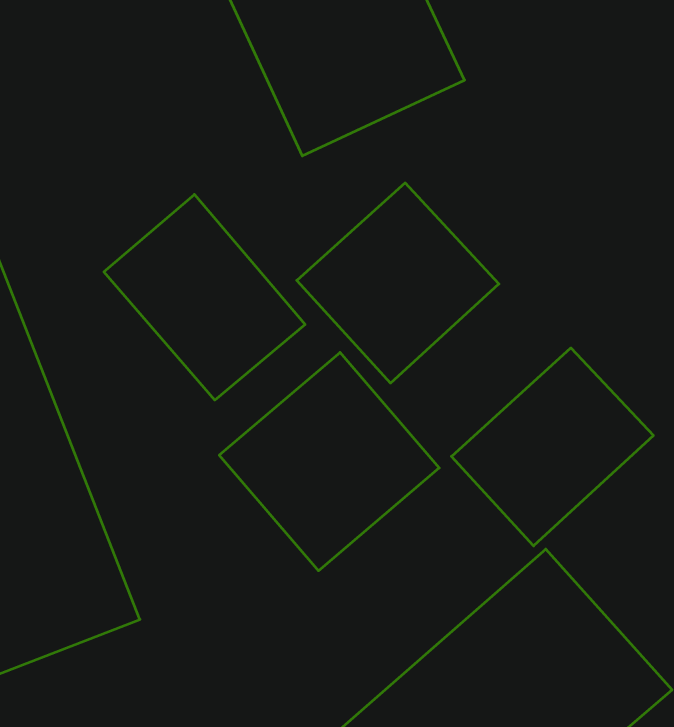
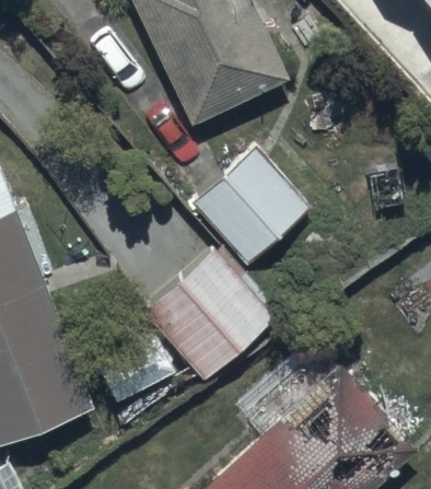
building: [104,194,305,400] -> none
building: [451,348,653,546] -> none

